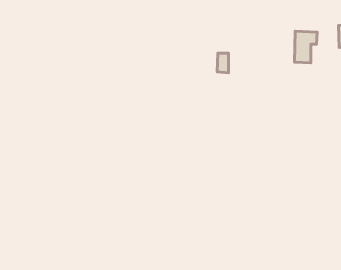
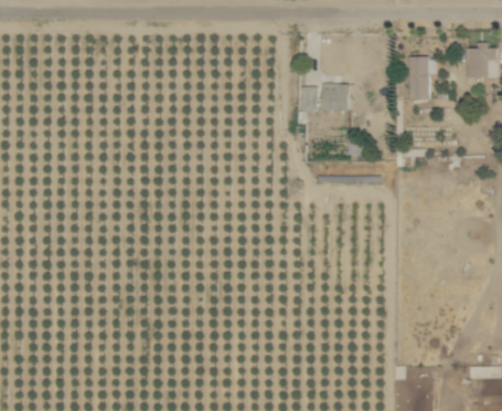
building: none -> [321,83,349,110]

